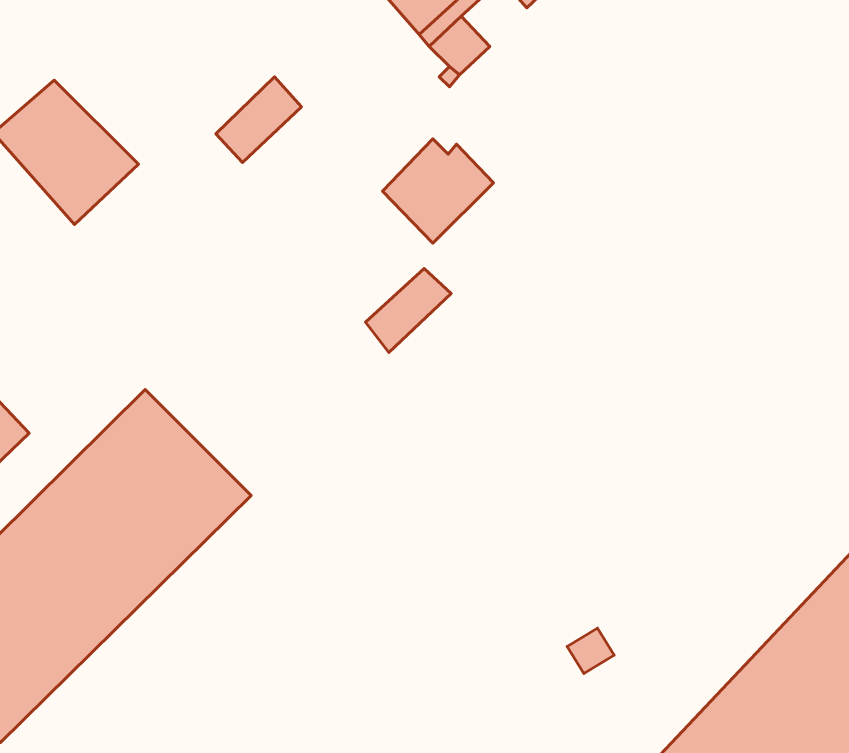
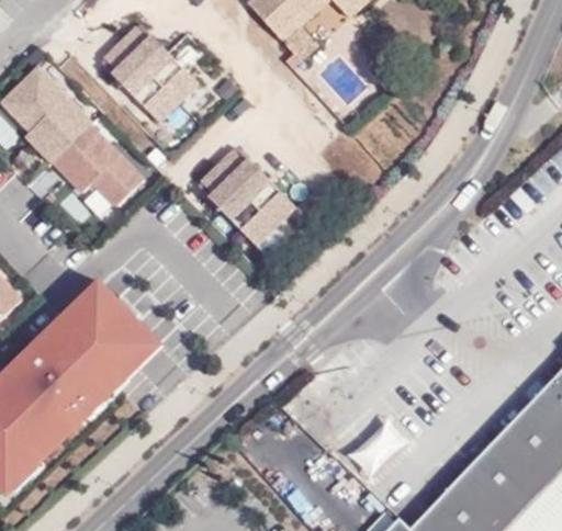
building: none -> [102,25,175,92]
building: [382,139,493,243] -> [200,149,272,217]
building: none -> [50,122,145,207]

